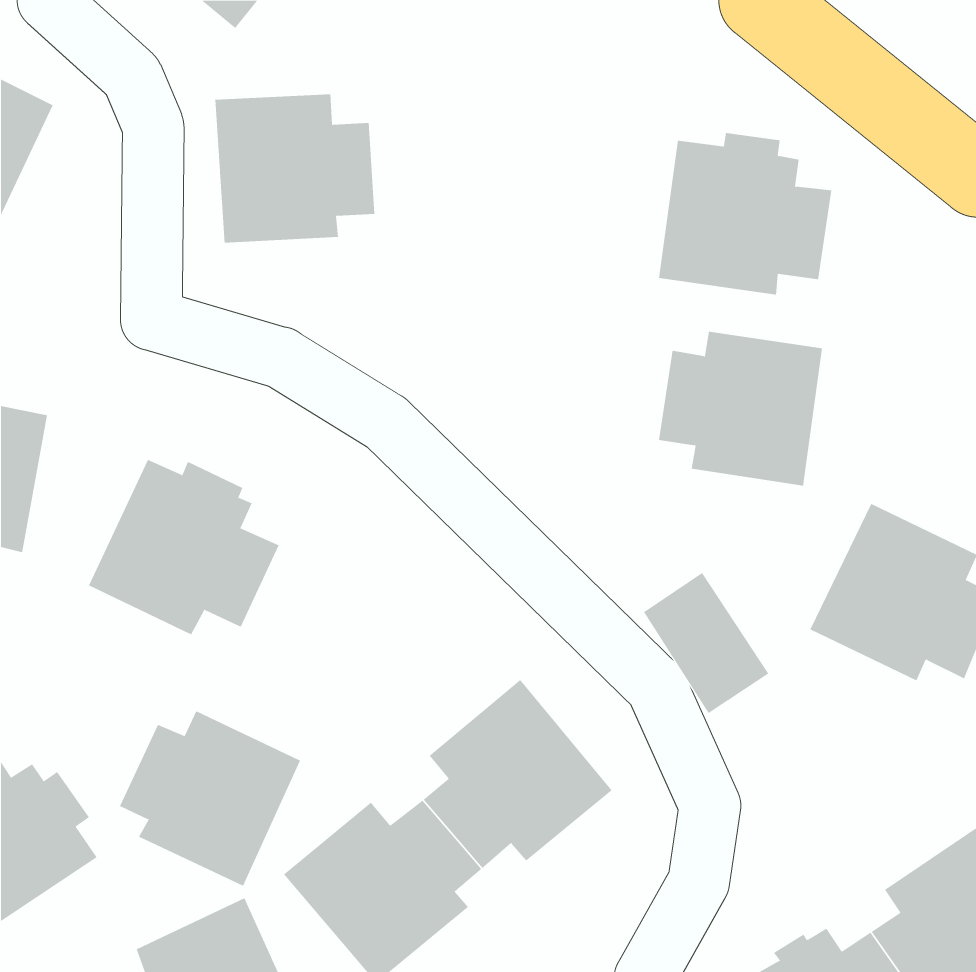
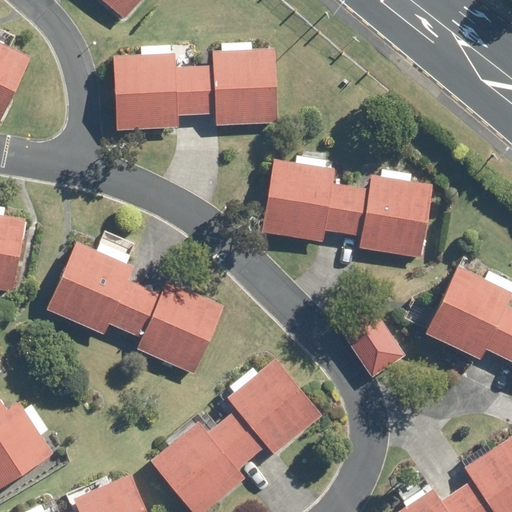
building: none -> [194,47,276,125]
building: [658,133,832,295] -> [261,156,352,241]
building: [119,711,301,887] -> [127,281,222,373]

